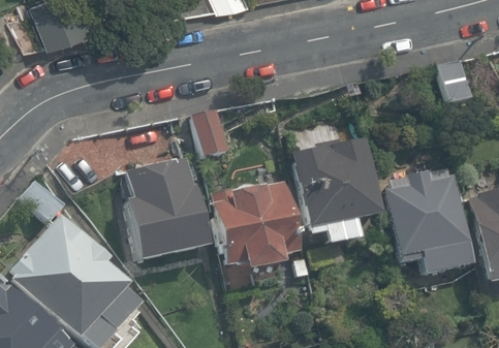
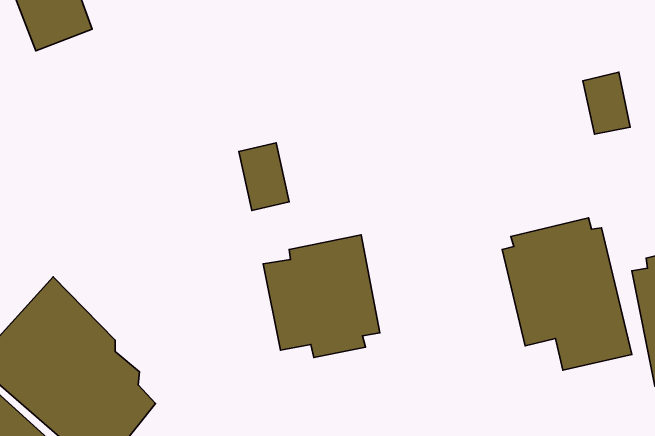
building: [288,139,377,229] -> none
building: [121,155,202,261] -> none

